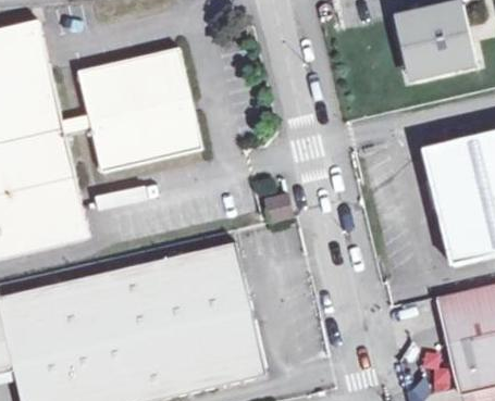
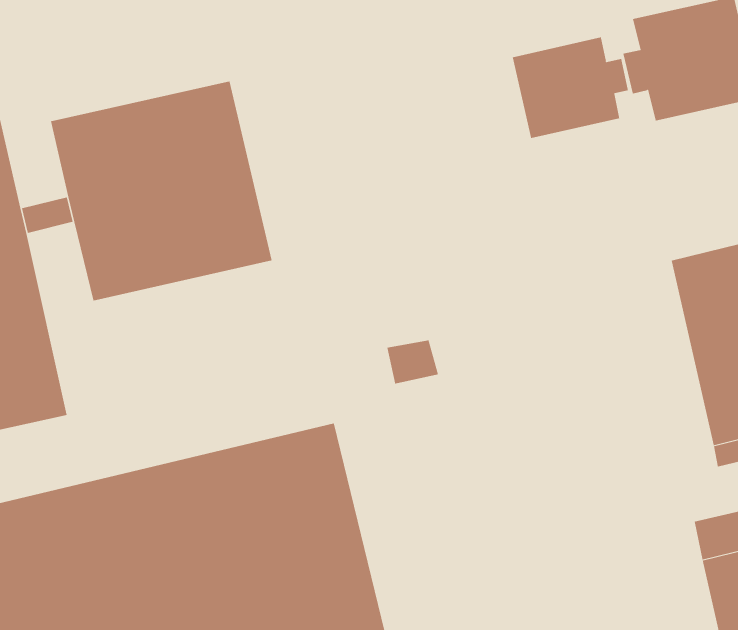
building: none -> [512,37,628,139]

